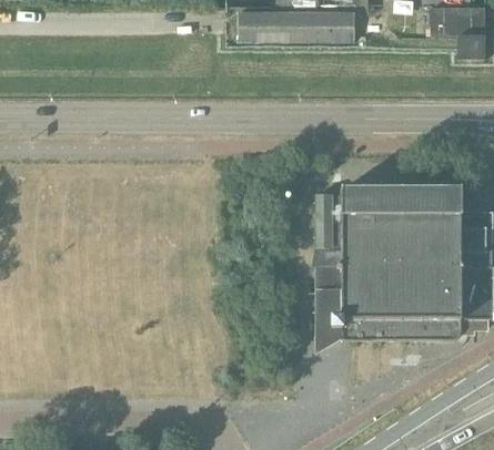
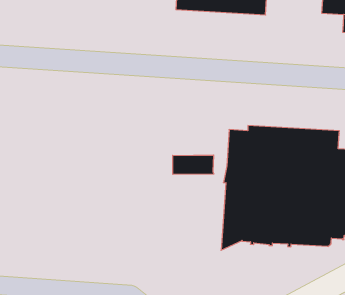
building: none -> [173,155,214,174]

